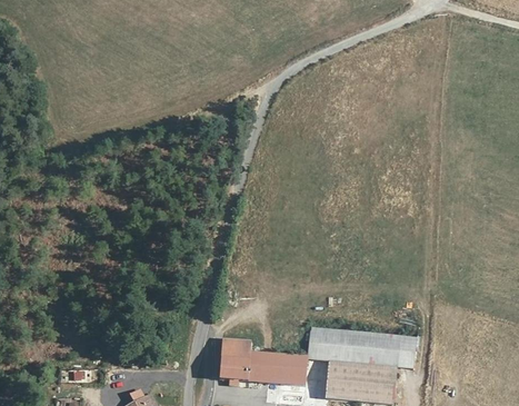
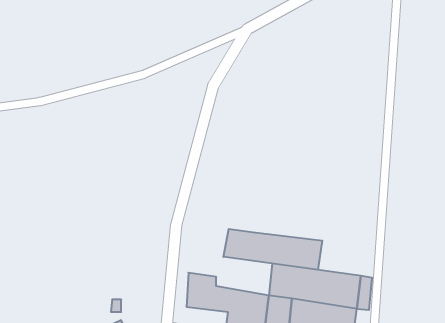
building: none -> [223,229,322,270]

